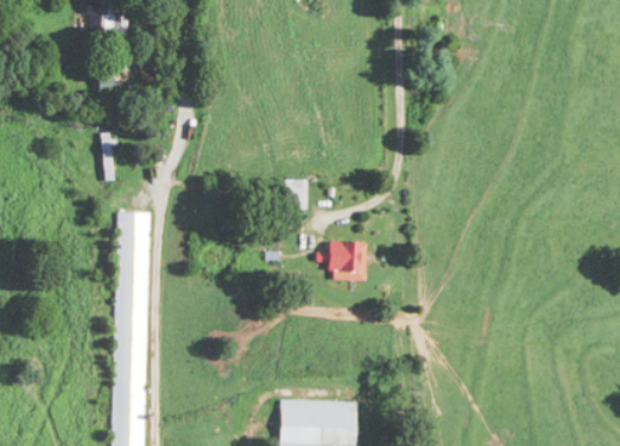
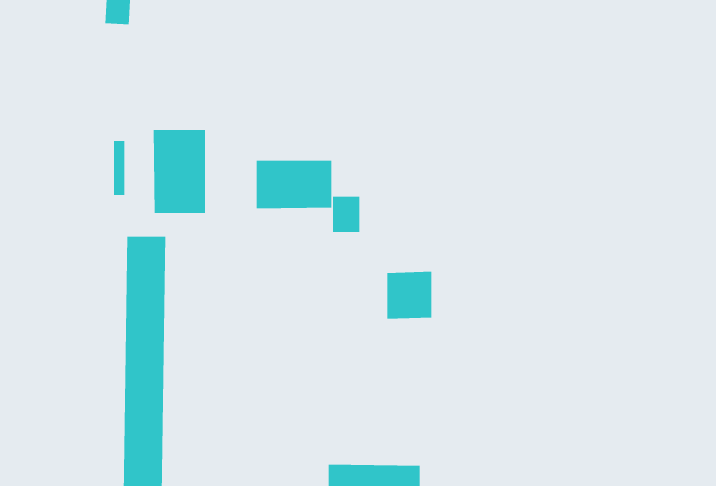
building: none -> [153,129,206,214]
building: none -> [256,160,332,209]

